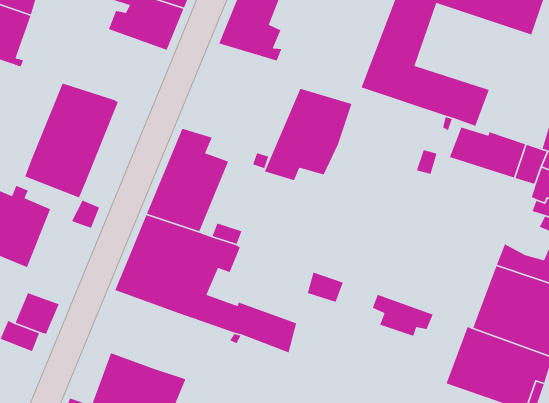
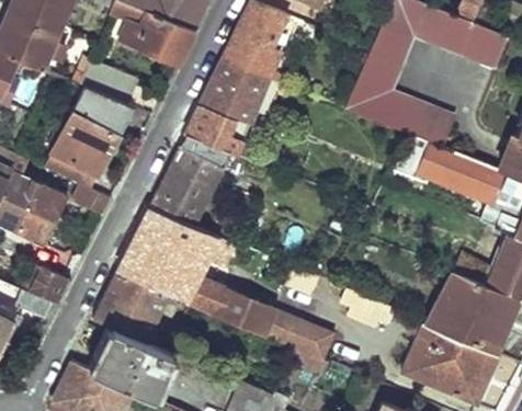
building: none -> [80,64,136,104]
building: [264,88,352,181] -> [184,61,265,142]
building: none -> [93,271,171,341]
building: none -> [265,309,332,359]

